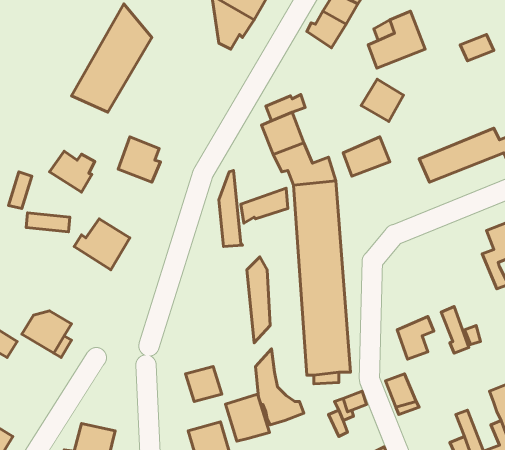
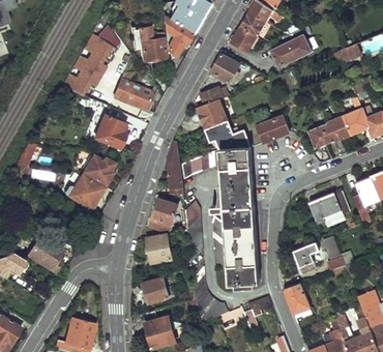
building: none -> [130,26,165,59]
building: none -> [113,75,153,112]
building: [361,79,403,122] -> [210,54,240,84]
building: [49,151,95,192] -> [83,156,115,185]
building: none -> [308,190,350,225]
building: none -> [149,200,175,230]
building: none -> [145,234,170,262]
building: [226,394,270,441] -> none

